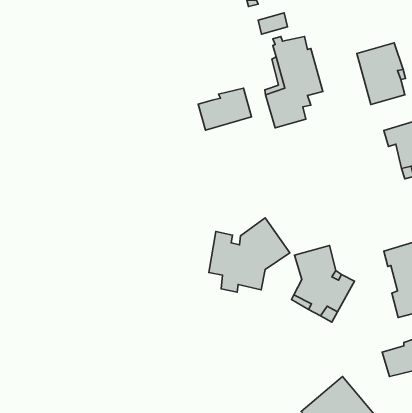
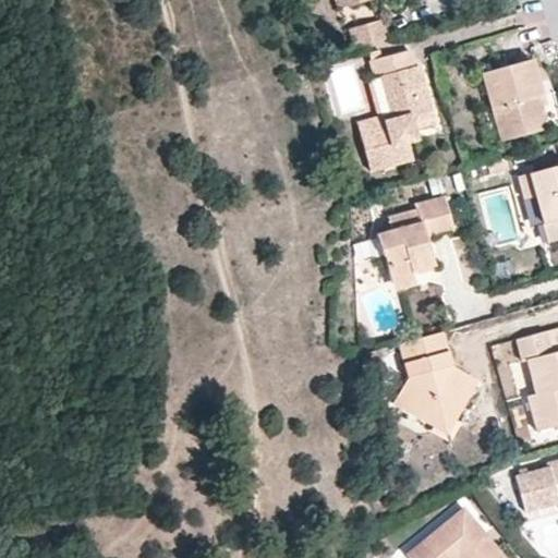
building: [198,88,251,130] -> none
building: none -> [378,195,454,290]
building: [209,218,290,292] -> none

